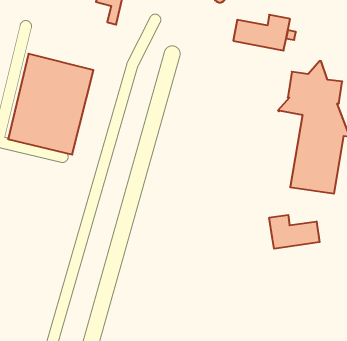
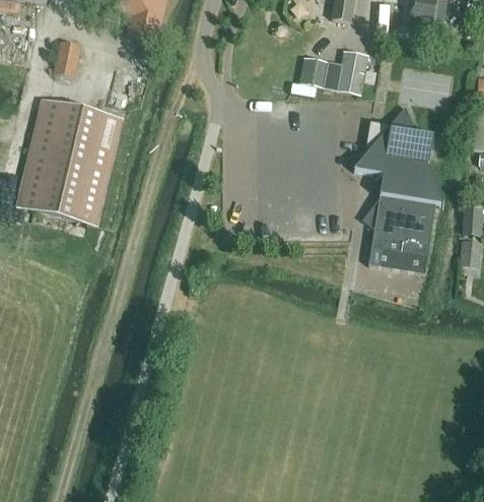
building: none -> [54,40,80,75]
building: [269,215,320,249] -> none

